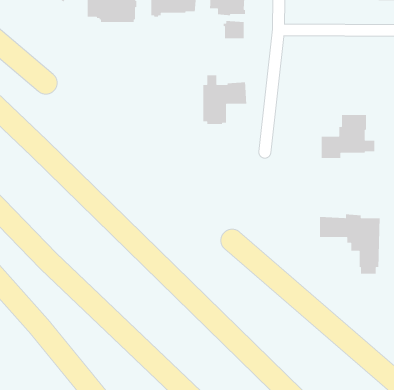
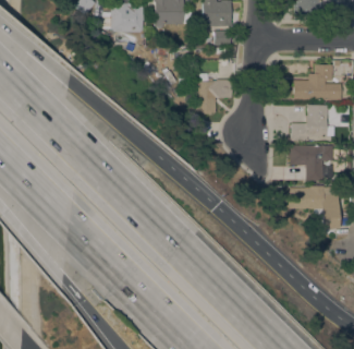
building: none -> [294,63,341,101]
building: none -> [291,144,333,181]

